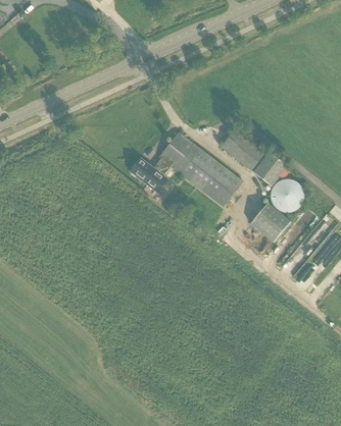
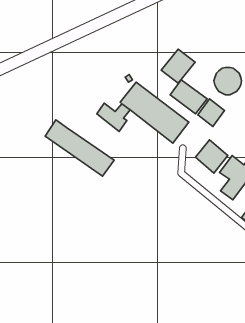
building: none -> [161,49,195,83]
building: none -> [45,120,114,176]
building: [269,177,302,211] -> [214,67,242,95]

